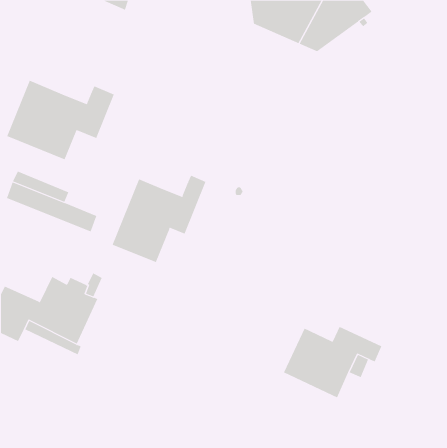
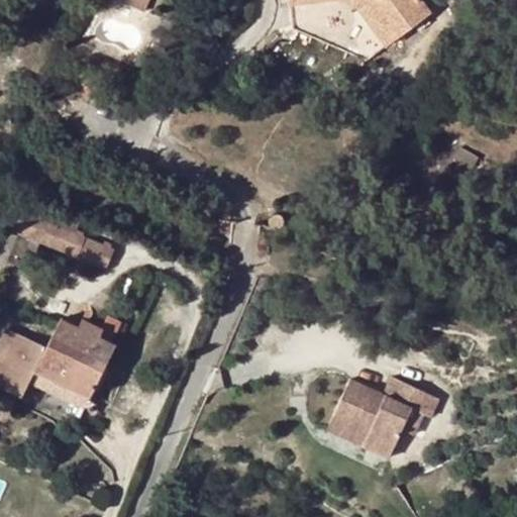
building: [7,80,115,160] -> none
building: [112,175,206,263] -> none

